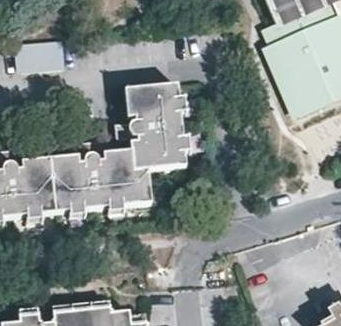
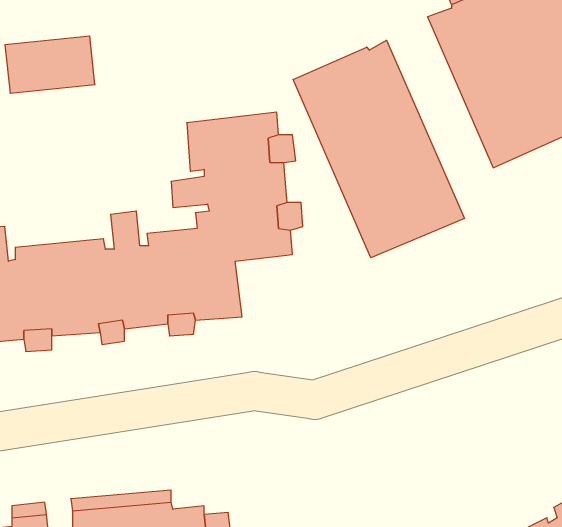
building: none -> [293,40,464,258]

